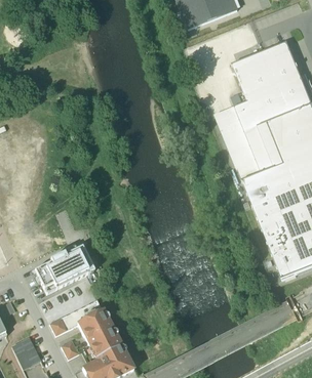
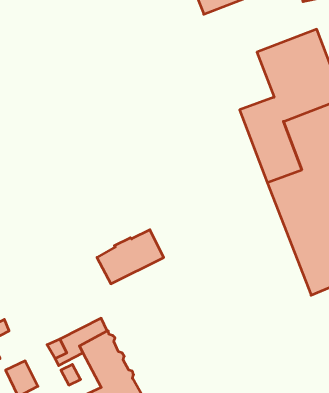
building: [34,246,93,294] -> [97,230,164,284]

